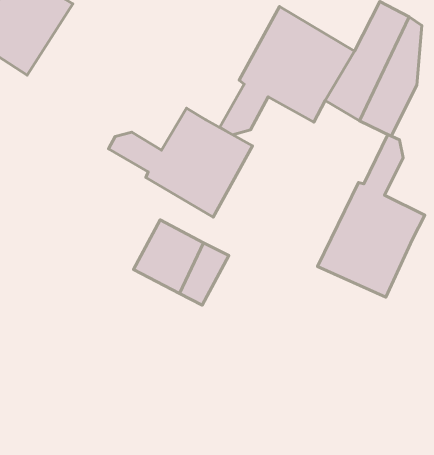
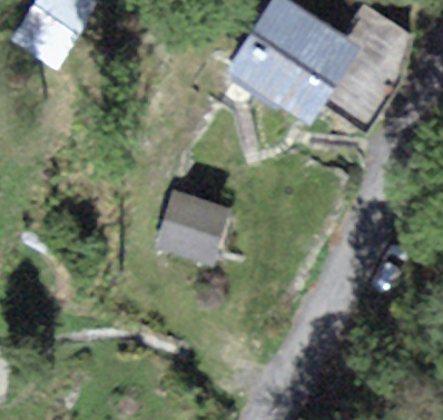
building: [109,108,252,217] -> none
building: [317,135,425,297] -> none

